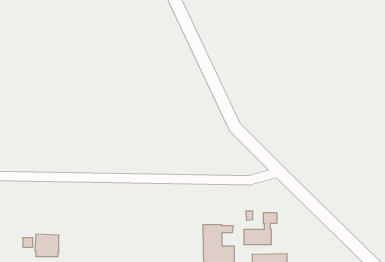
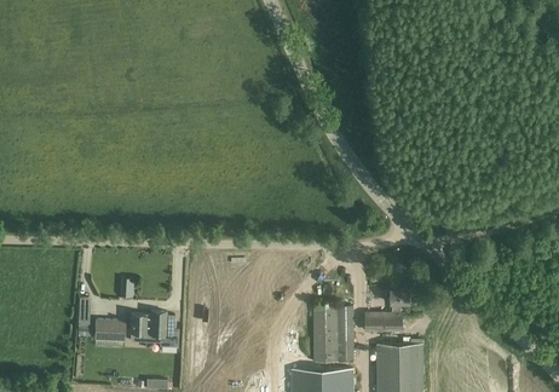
building: none -> [129,312,178,347]

